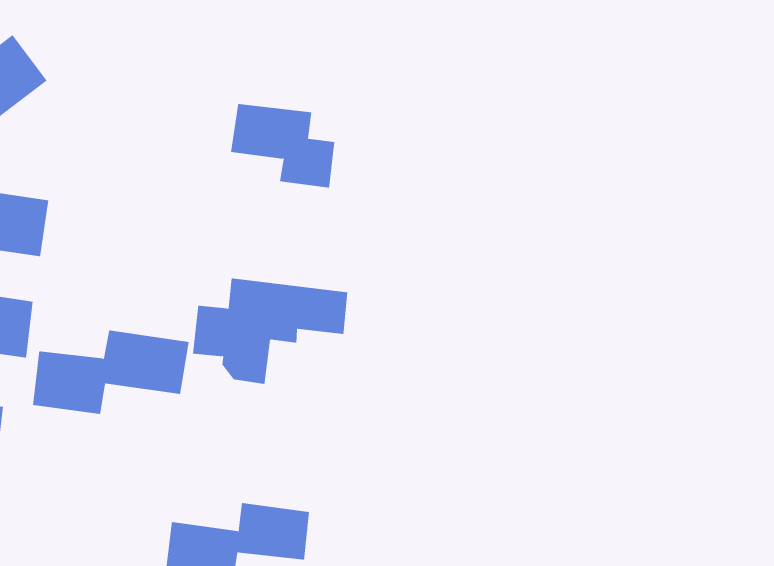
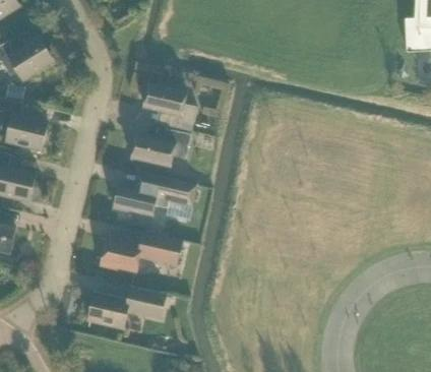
building: none -> [130,130,190,169]
building: [32,330,190,414] -> [100,232,183,274]

